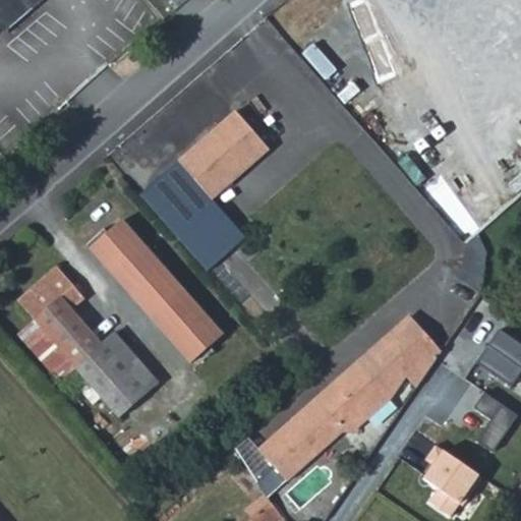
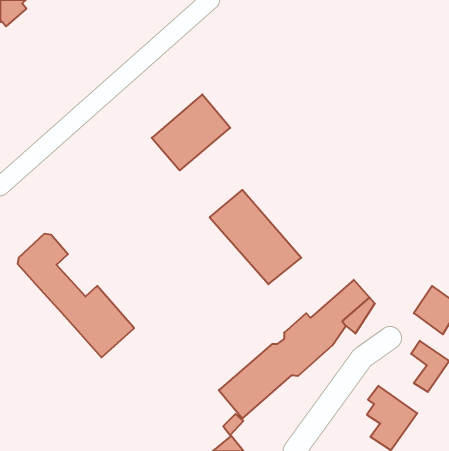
building: [139,159,245,268] -> [210,190,301,284]
building: [89,220,220,362] -> none
building: [32,334,76,380] -> none

